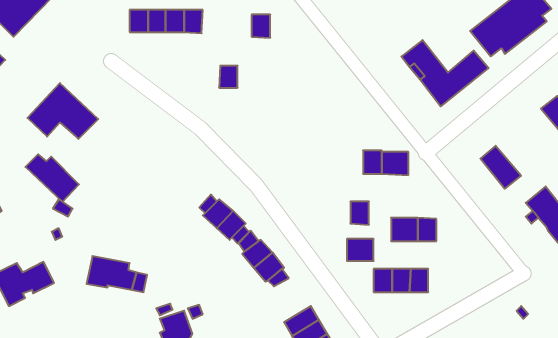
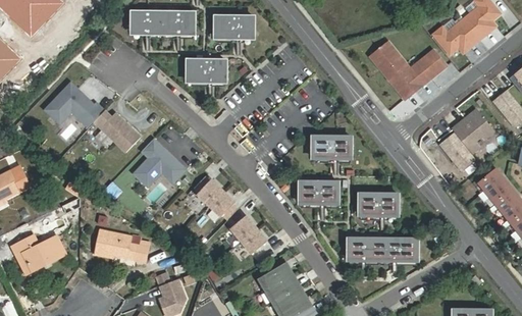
building: none -> [215,18,239,38]
building: none -> [187,63,211,83]
building: none -> [452,110,492,153]
building: none -> [132,137,189,189]
building: [382,152,408,175] -> [313,138,336,158]
building: [25,154,79,202] -> [93,110,140,152]
building: [347,239,374,261] -> [302,182,325,202]
building: none -> [394,242,417,262]
building: none -> [259,261,291,288]

